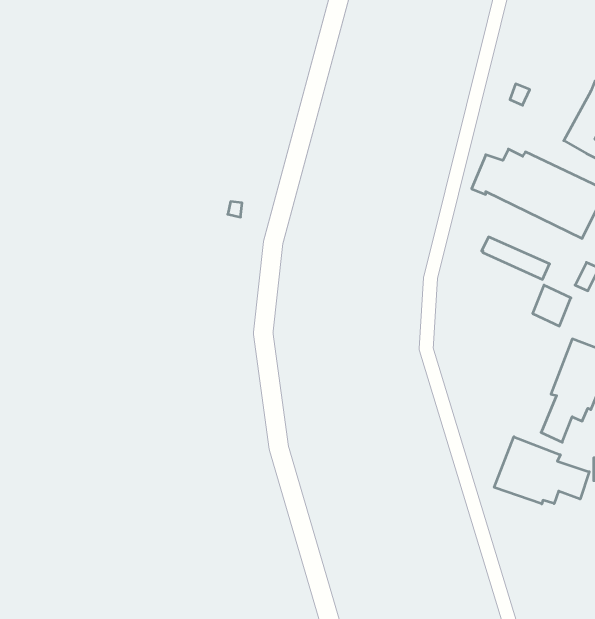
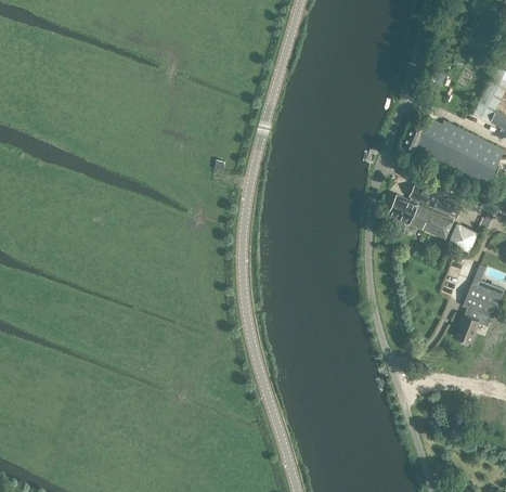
building: none -> [389,194,454,239]
building: [494,437,589,504] -> none

